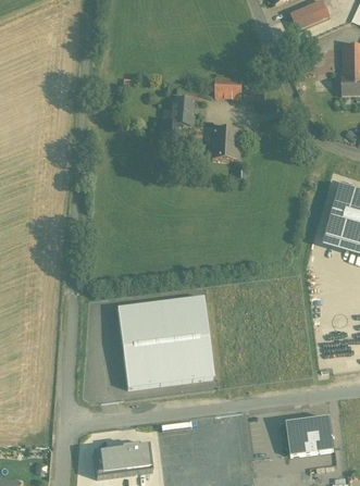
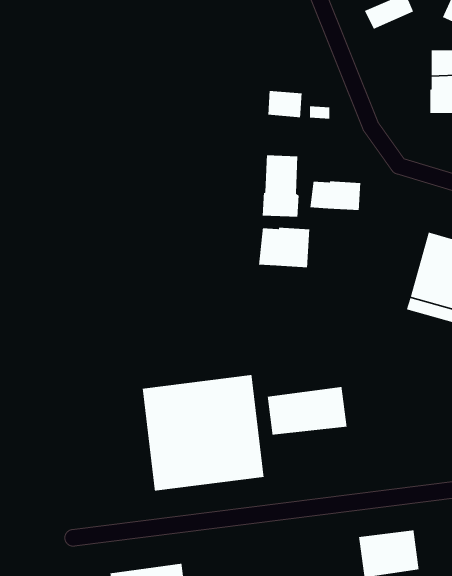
building: [171,97,194,123] -> none
building: none -> [309,181,361,211]
building: none -> [258,227,310,268]
building: none -> [267,386,347,435]

